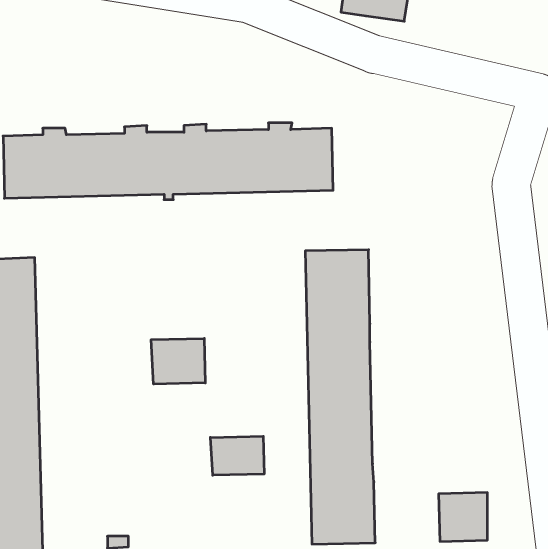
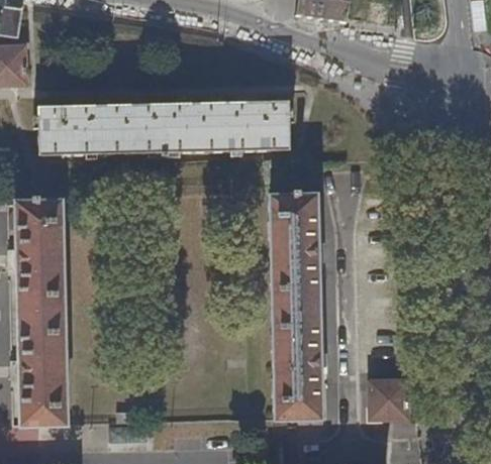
building: [151,338,205,384] -> none
building: [210,436,264,475] -> none

